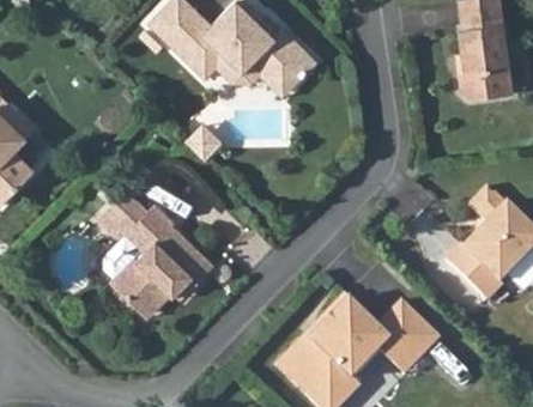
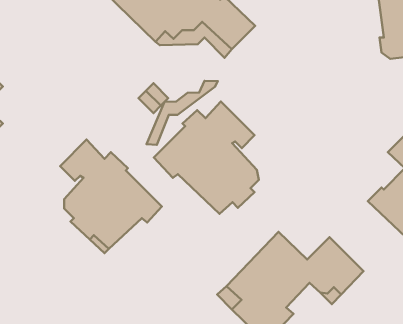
building: none -> [146,81,218,145]
building: none -> [154,101,259,214]

